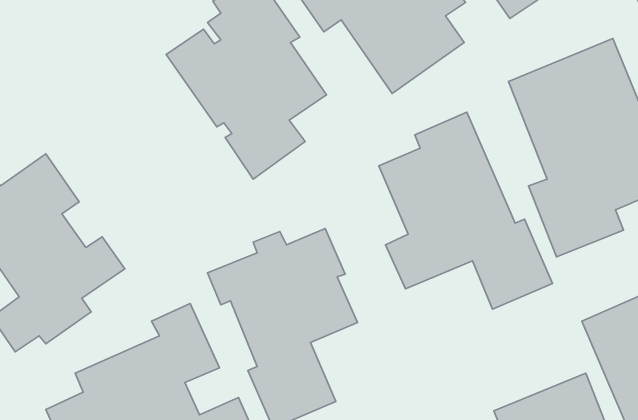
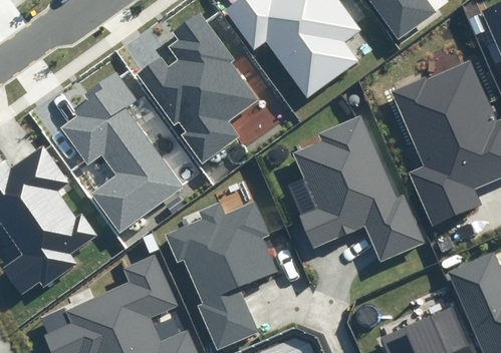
building: none -> [58,71,181,229]

